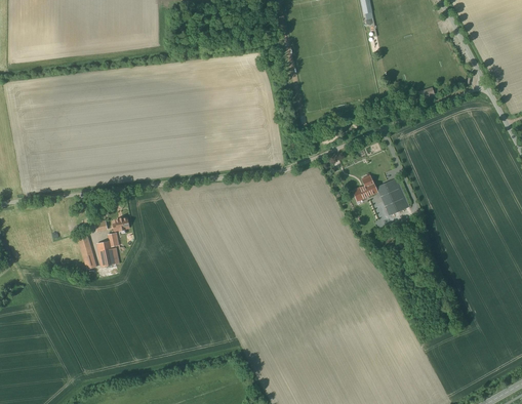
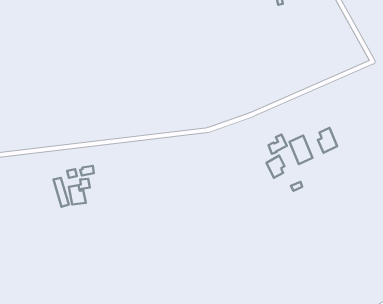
building: none -> [318,128,337,153]
building: none -> [266,155,285,178]

